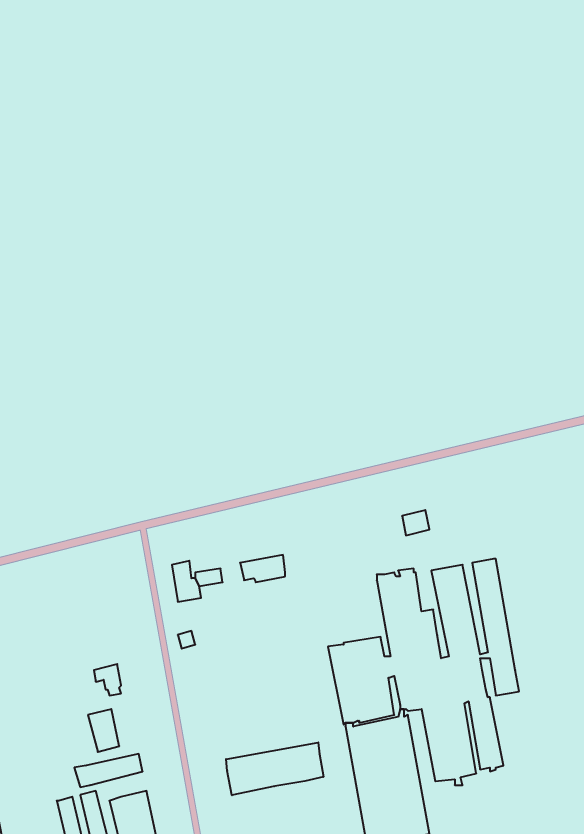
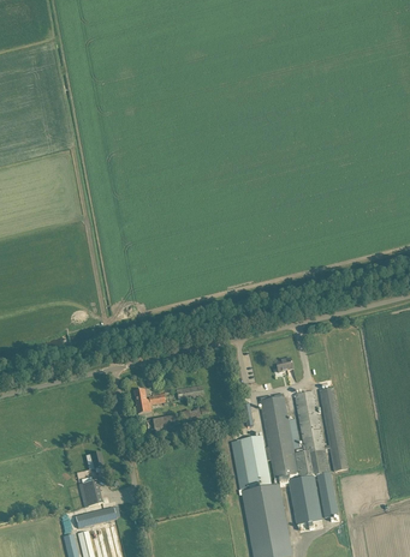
building: [226,742,323,795] -> none

